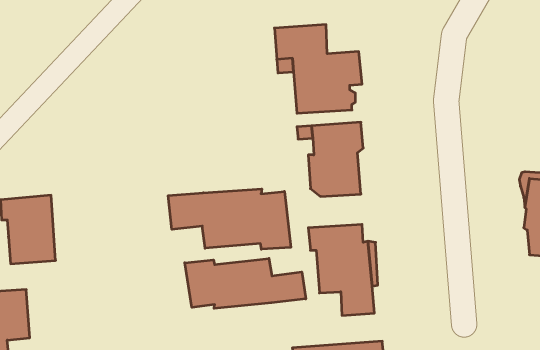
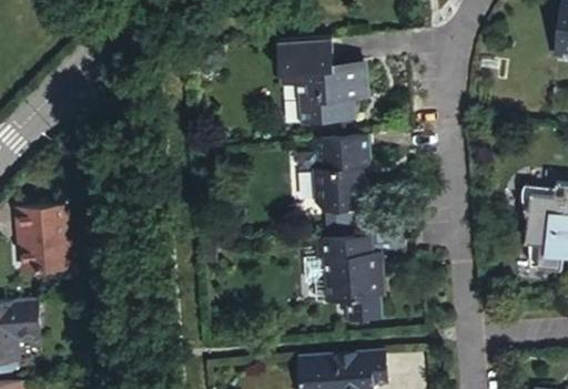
building: [168,189,291,249] -> none
building: [185,258,306,308] -> none

